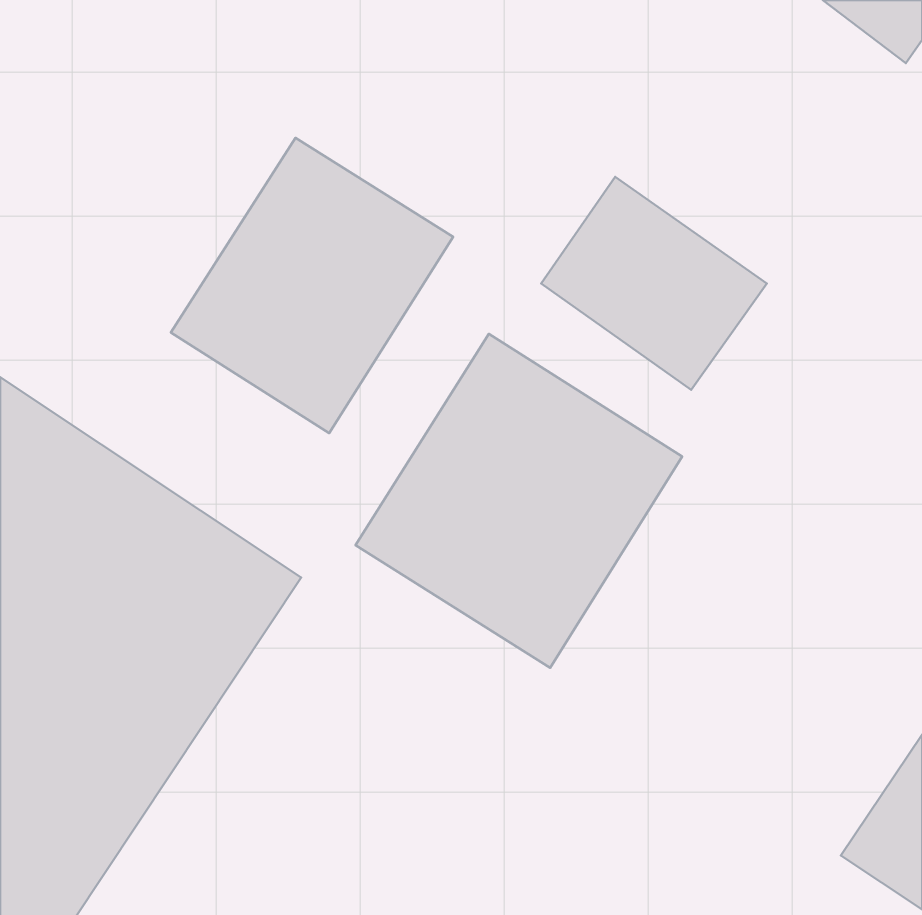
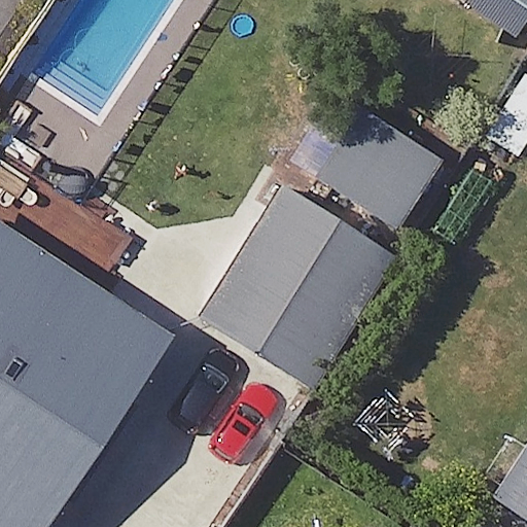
building: [171,138,453,433] -> none

